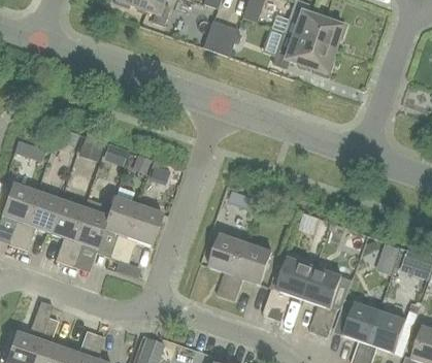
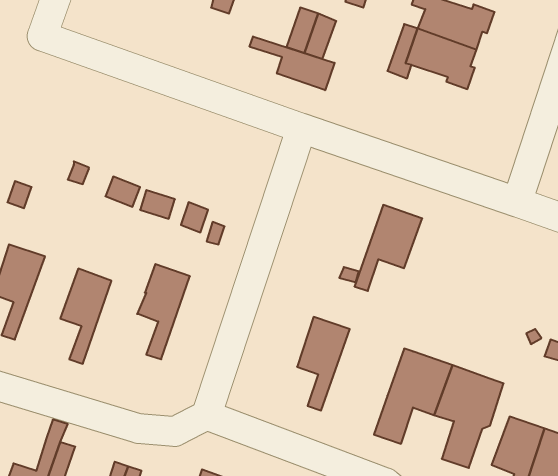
building: none -> [250,36,335,90]
building: [18,191,61,251] -> none
building: [118,204,162,264] -> none
building: [64,207,107,267] -> none
building: [227,240,273,299] -> [354,205,422,291]

